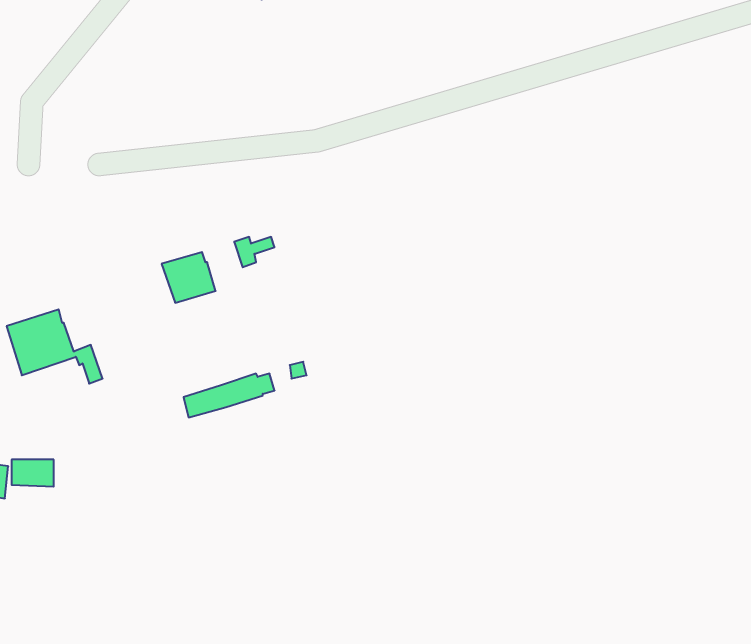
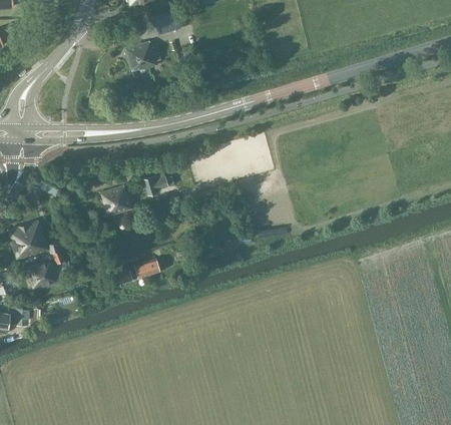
building: none -> [125,40,159,70]
building: none -> [25,260,58,290]

